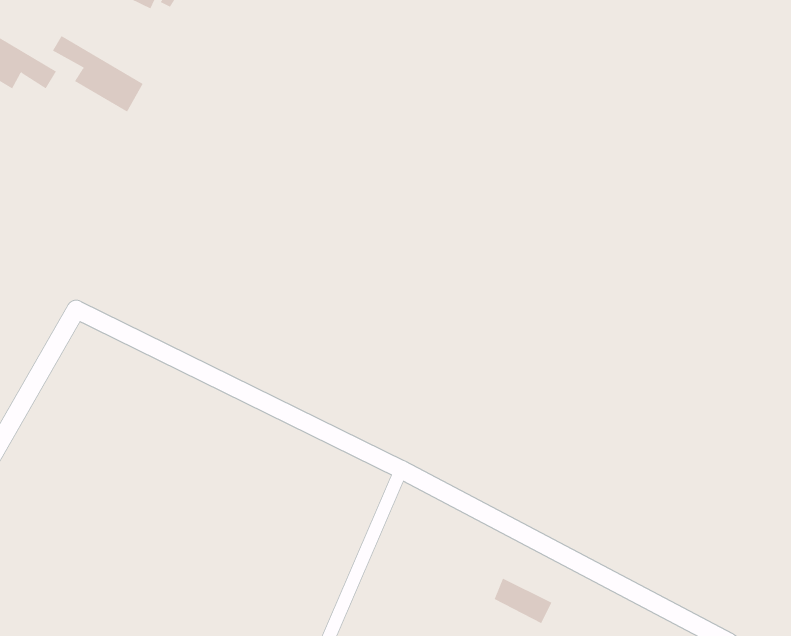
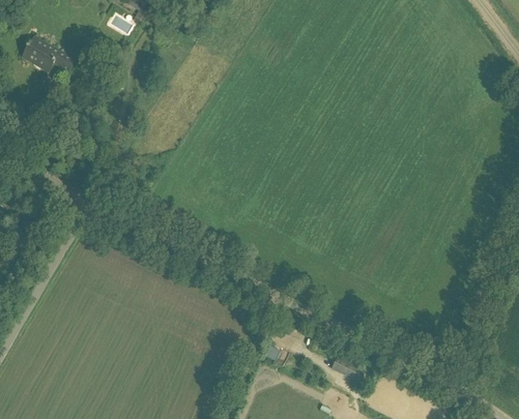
building: [52,35,144,113] -> none

